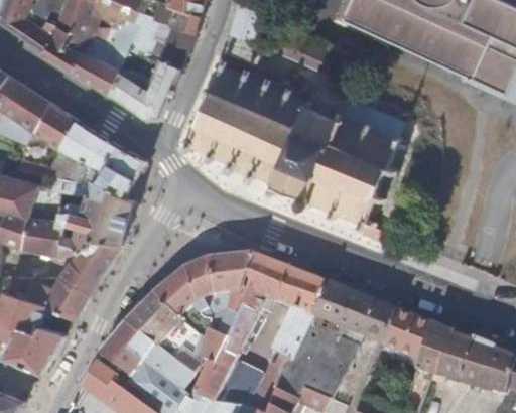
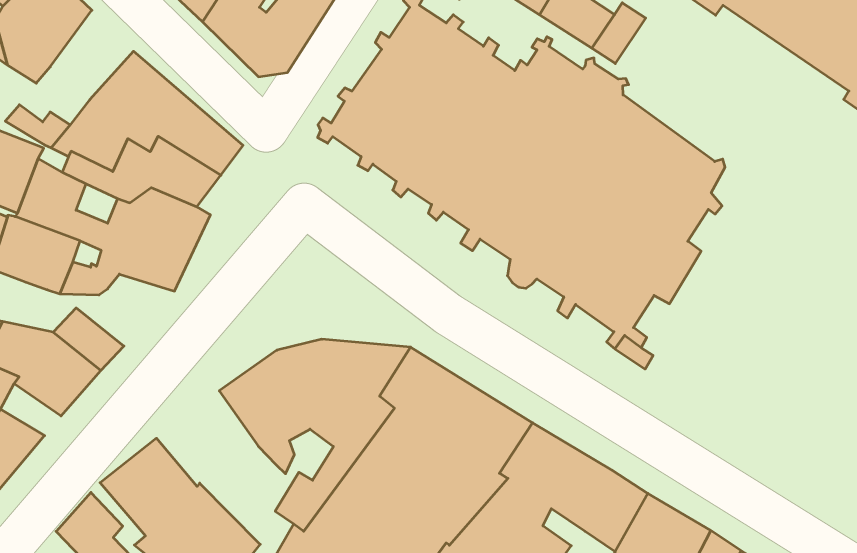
building: [33,101,77,149] -> none
building: [70,240,121,278] -> none
building: [125,293,198,372] -> none

